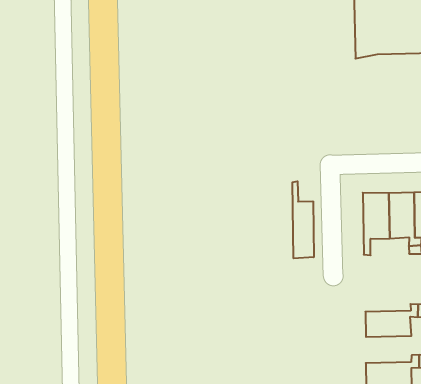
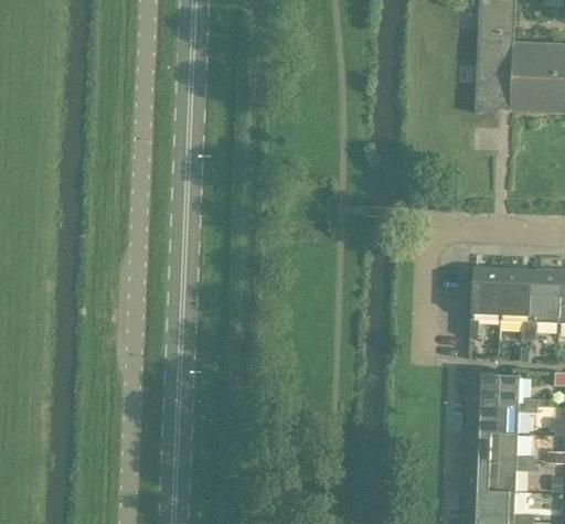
building: [292,181,314,258] -> none
building: none -> [471,372,524,404]
building: none -> [468,430,522,462]

